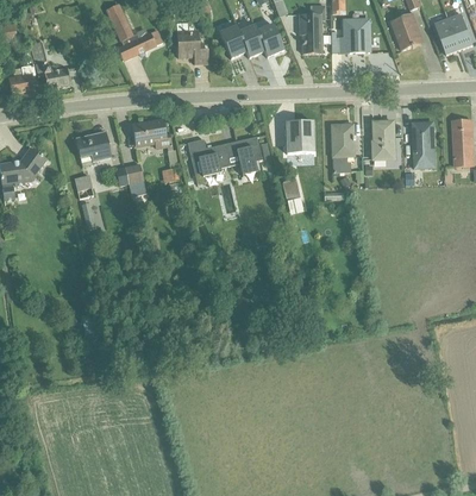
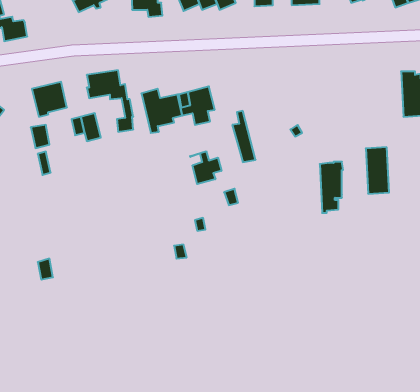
building: [286,121,314,153] -> none
building: [370,121,394,161] -> none
building: [412,121,436,169] -> [366,147,389,194]
building: [331,123,355,175] -> [320,162,343,213]
building: none -> [190,151,221,184]

